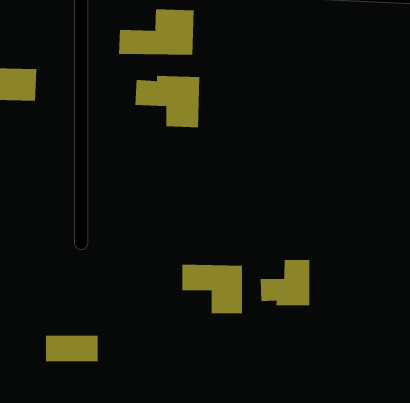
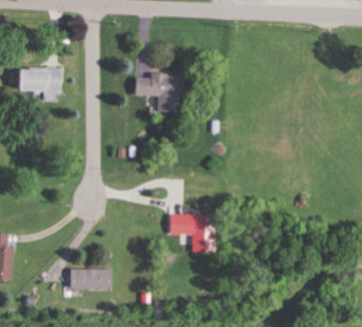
building: [119,9,194,56] -> none
building: [260,259,310,306] -> none

